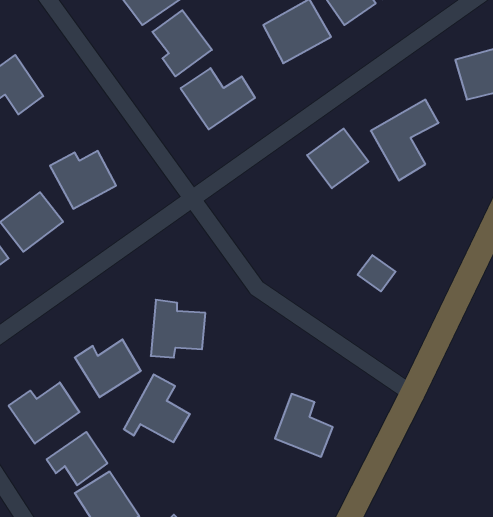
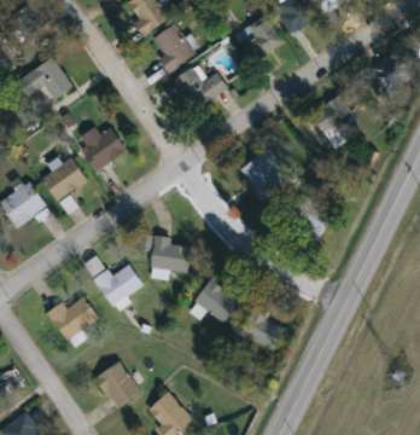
building: [307,129,368,188] -> [239,150,284,193]
building: [124,374,190,442] -> [189,273,238,323]
building: [47,432,107,485] -> none

